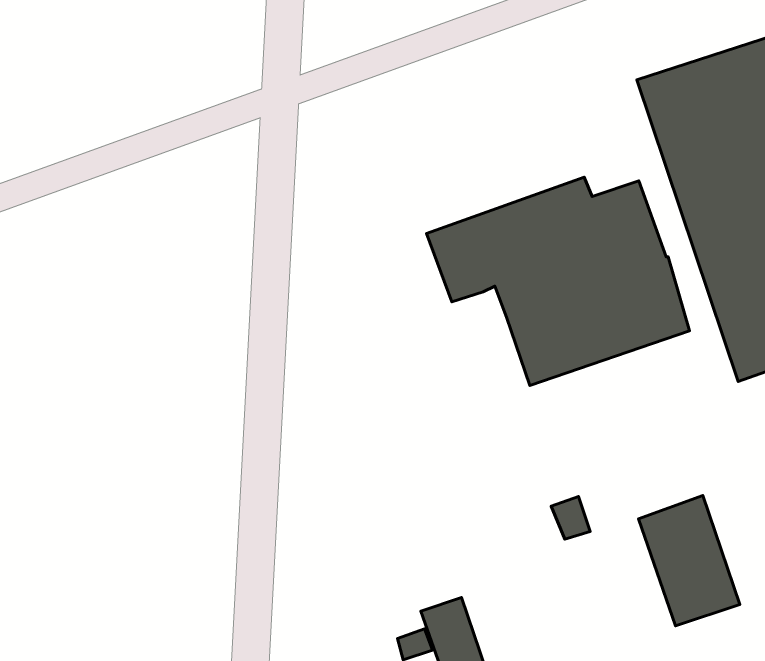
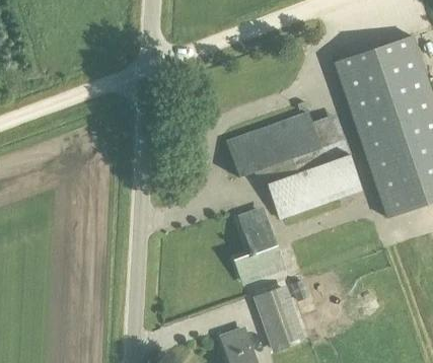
building: none -> [234,210,281,280]
building: [639,495,740,626] -> [252,283,305,351]

